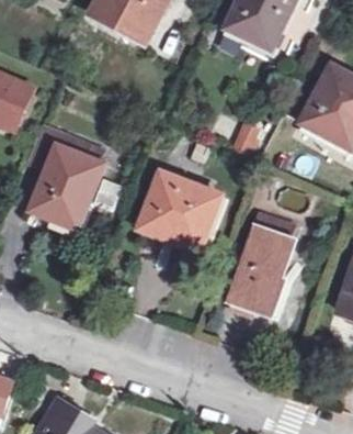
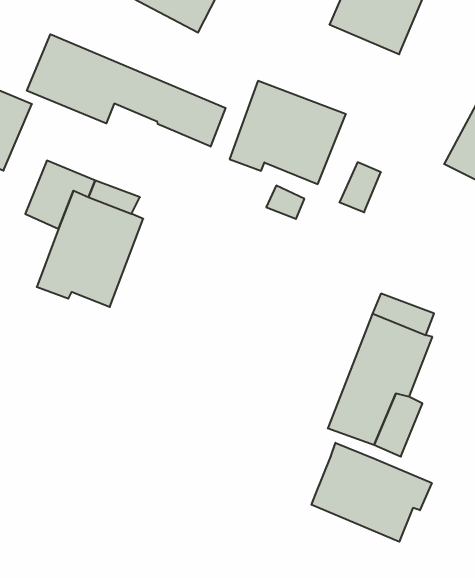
building: none -> [27,34,226,147]
building: [144,174,220,242] -> [230,81,346,184]
building: none -> [312,443,432,542]

